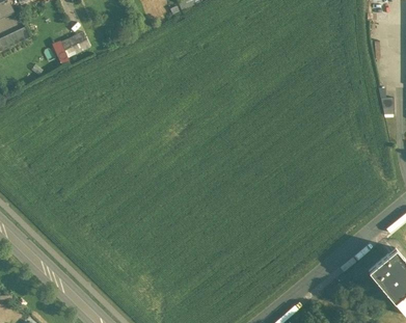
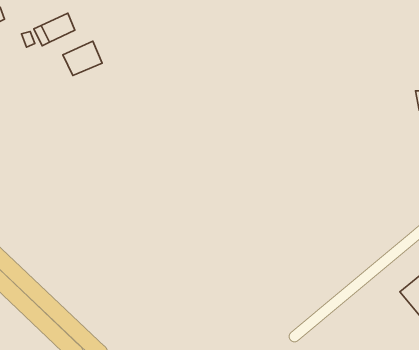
building: none -> [63,41,102,76]

